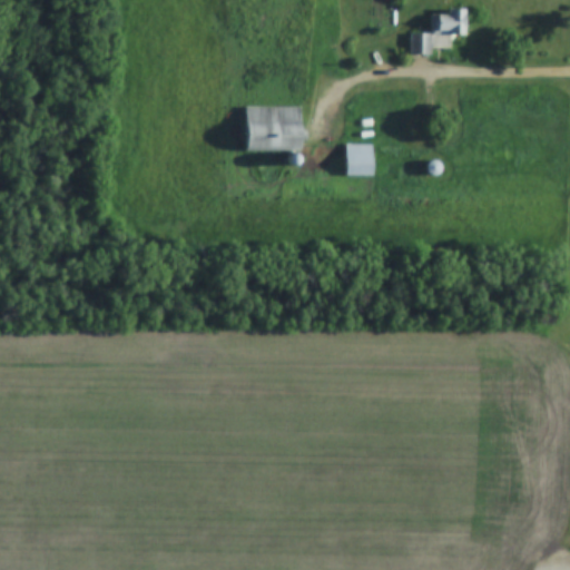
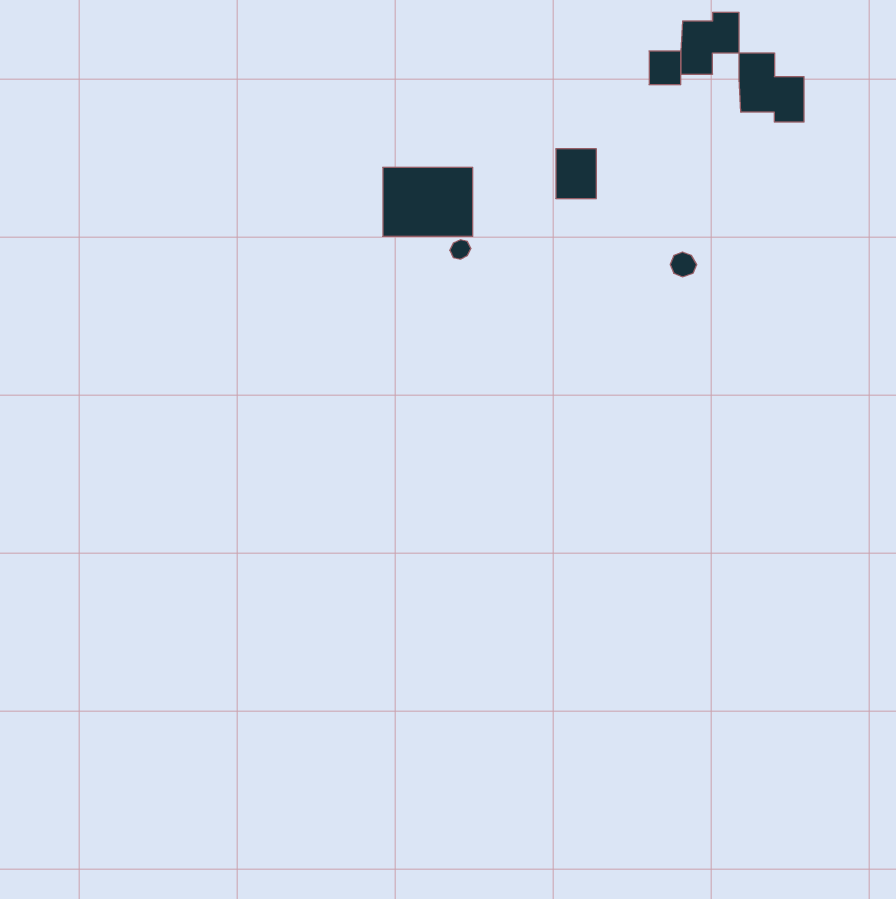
building: none -> [739,53,804,122]
building: [347,144,373,175] -> [556,149,596,198]

